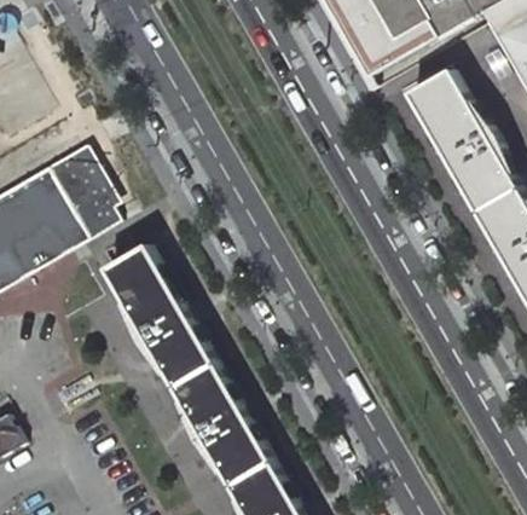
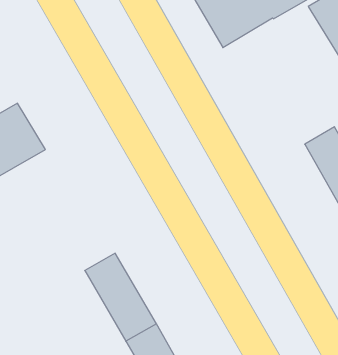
building: [407,68,517,212] -> none
building: [104,243,214,387] -> none

